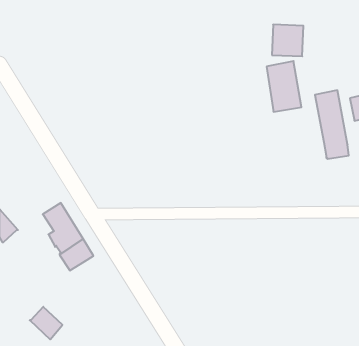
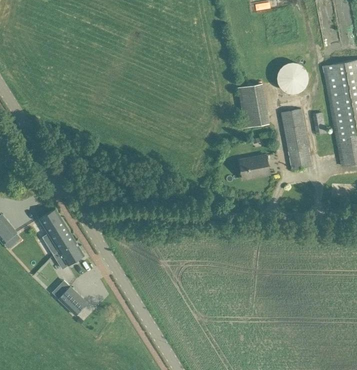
building: [272,25,303,56] -> [279,63,307,91]
building: none -> [238,156,269,179]
building: [30,307,62,339] -> [57,287,86,316]

